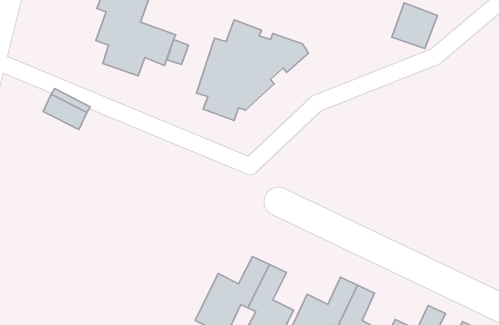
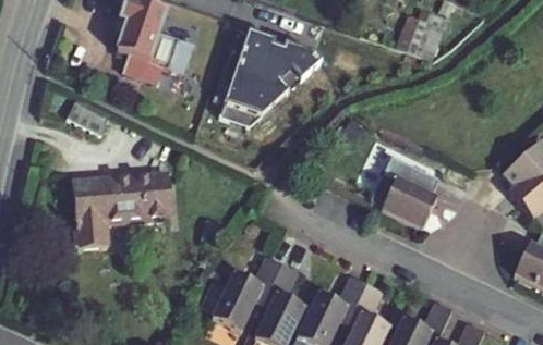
building: none -> [366,155,435,229]
building: none -> [73,172,173,247]

